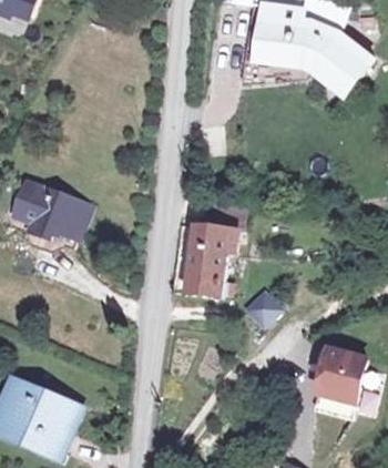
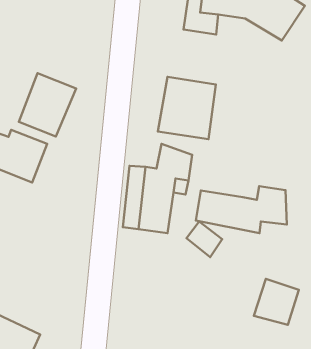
building: none -> [19,73,76,137]
building: none -> [158,77,216,139]
building: none -> [196,186,287,233]

